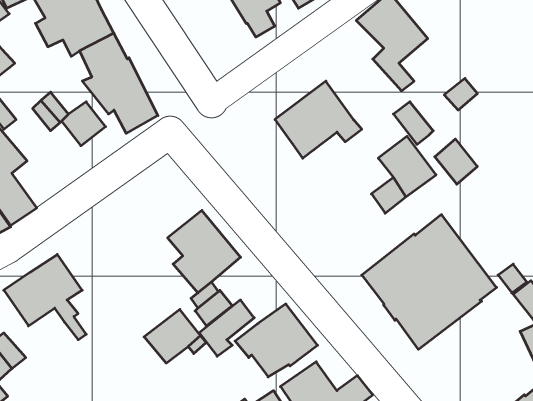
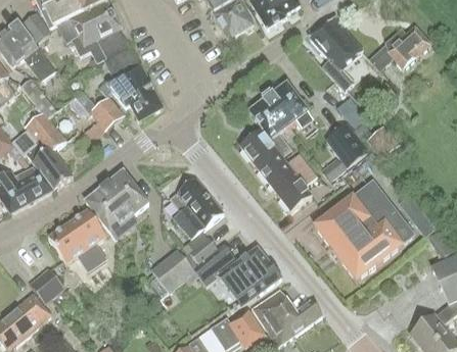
building: none -> [368,26,430,70]
building: none -> [239,128,316,211]
building: none -> [85,169,148,238]

